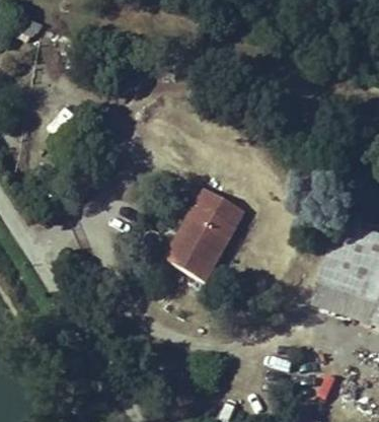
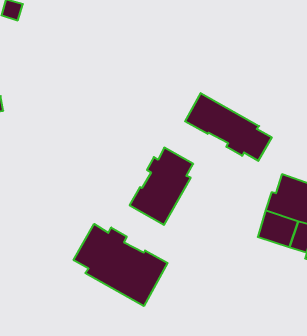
building: none -> [185,93,272,161]
building: none -> [74,224,168,306]

